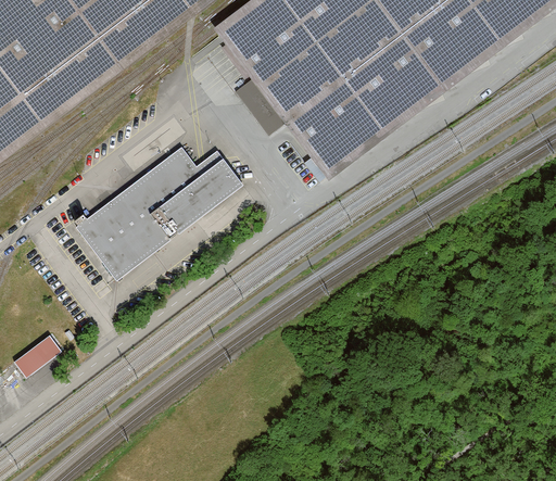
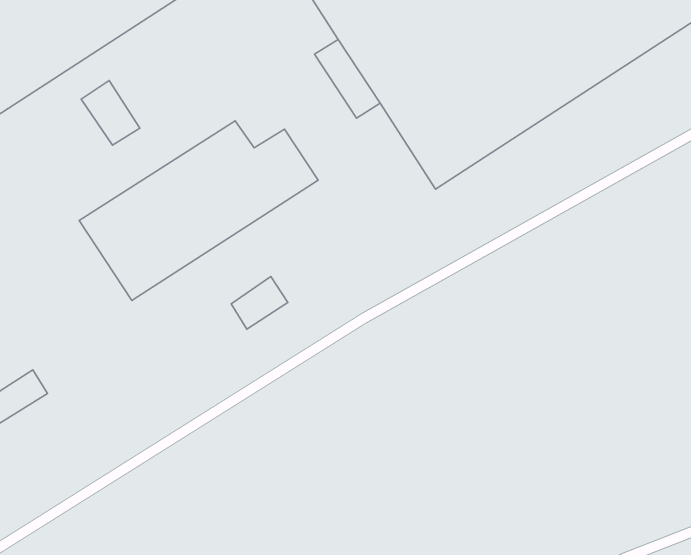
building: none -> [81,81,140,145]
building: none -> [231,277,288,329]

